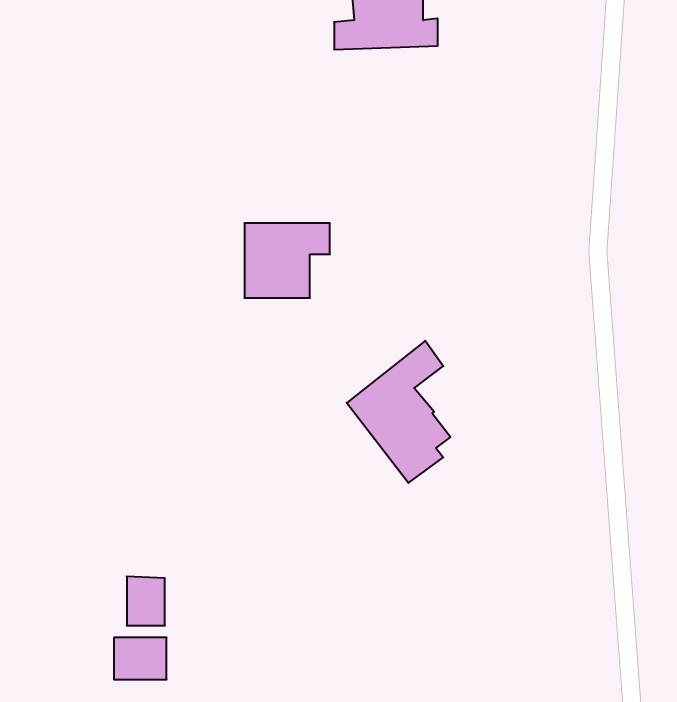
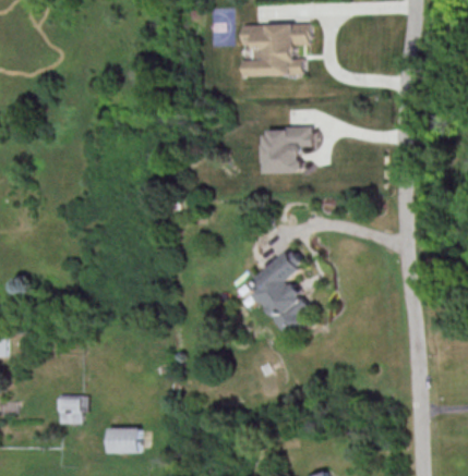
building: [244,223,330,298] -> [261,127,312,172]
building: [127,576,165,626] -> [58,393,81,423]

